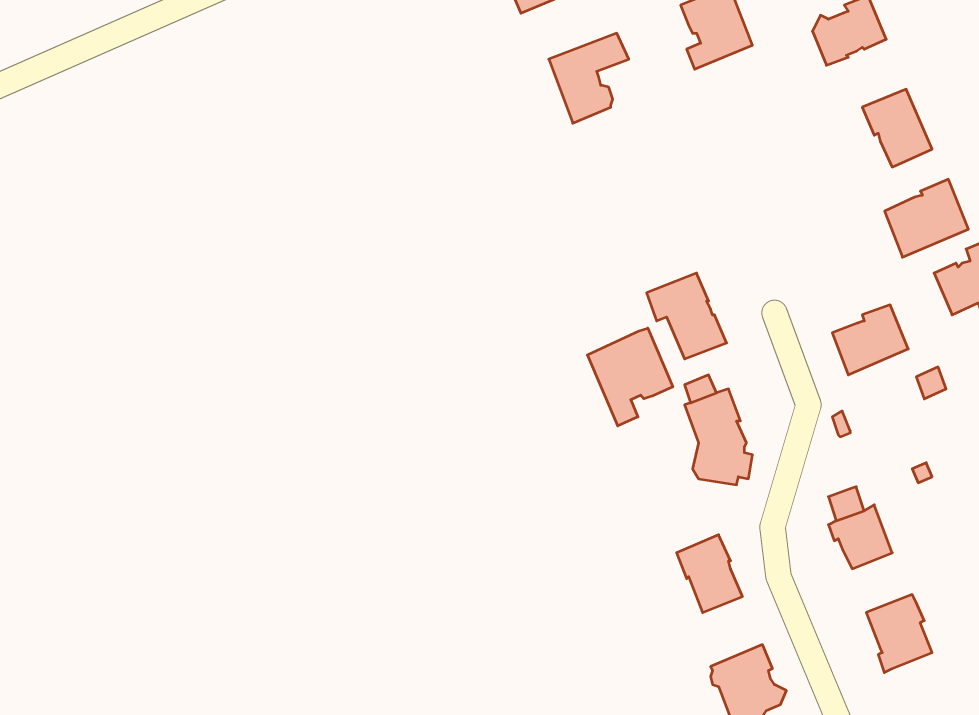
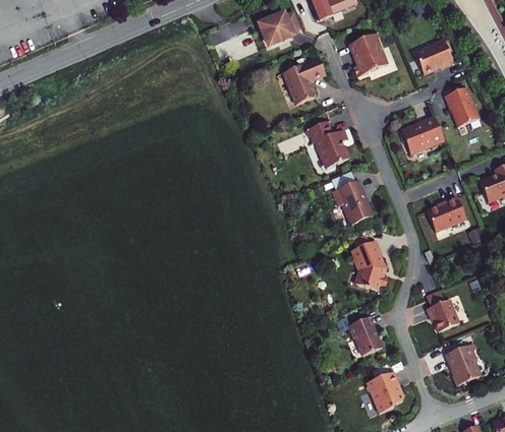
building: none -> [307,121,348,167]
building: [885,179,968,257] -> [402,115,445,155]
building: [587,328,673,426] -> none

